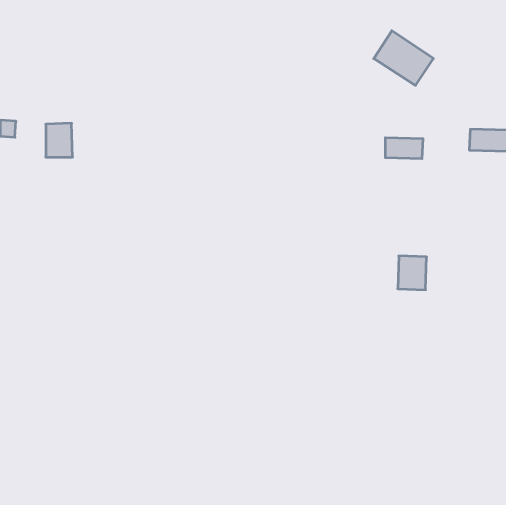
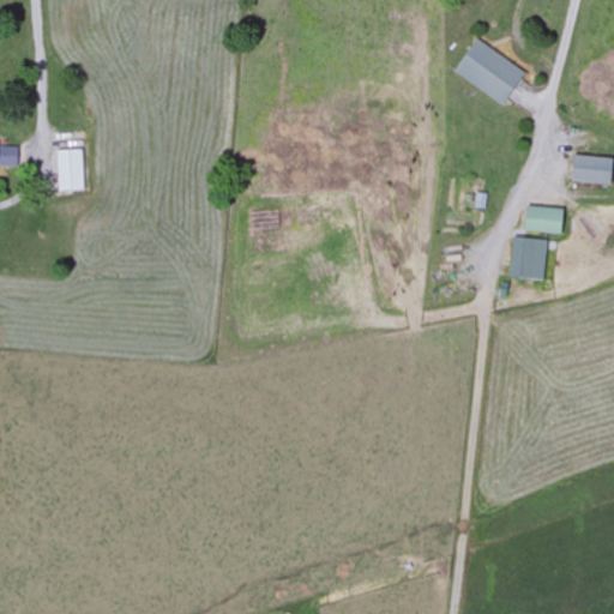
building: [385,138,423,159] -> [523,207,568,233]
building: [398,256,427,290] -> [511,237,546,278]

